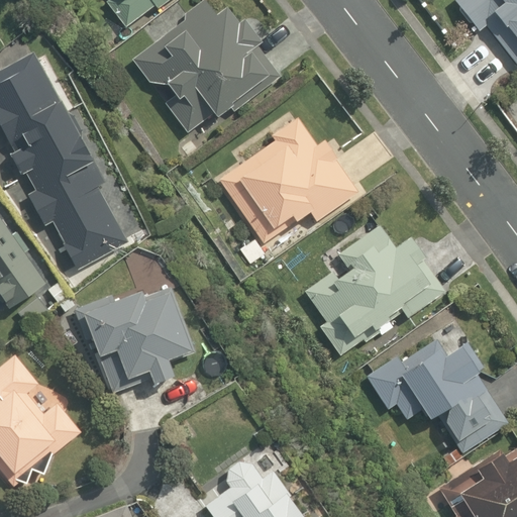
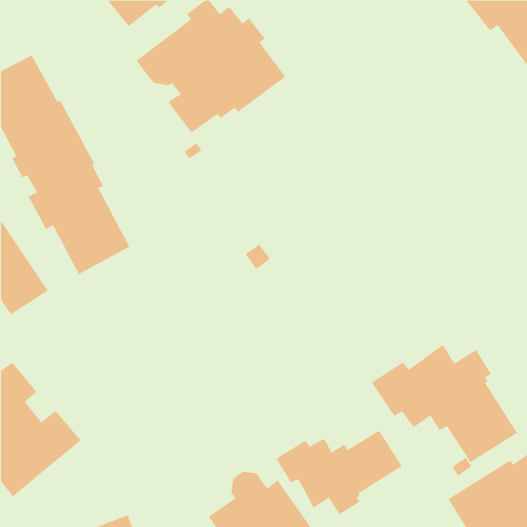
building: [220,118,359,246] -> none
building: [304,226,444,356] -> none
building: [75,290,192,390] -> none
building: none -> [275,430,402,515]

